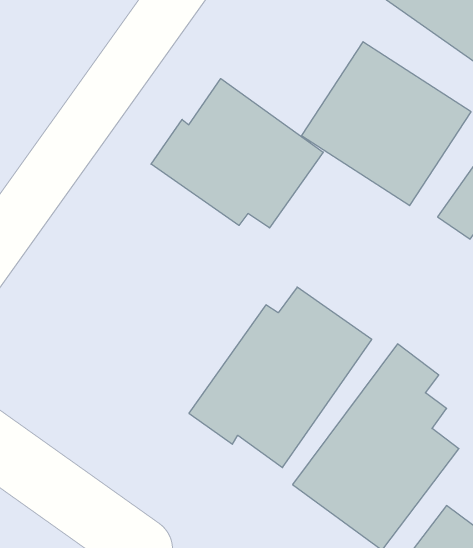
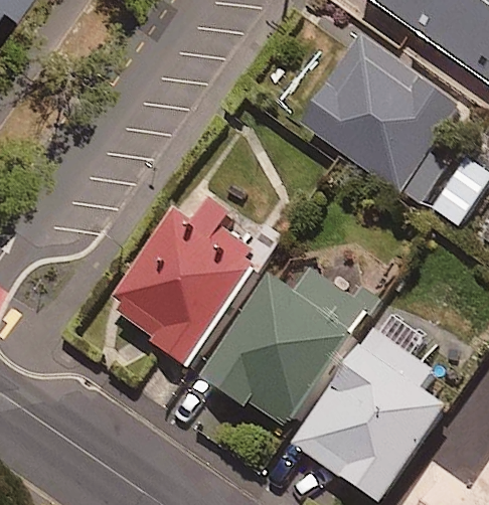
building: [151,79,323,228] -> none
building: none -> [108,187,259,360]

